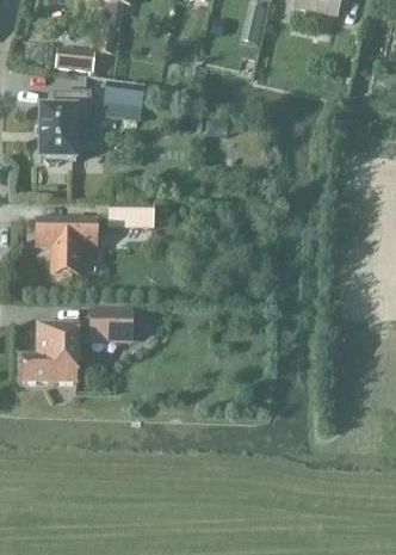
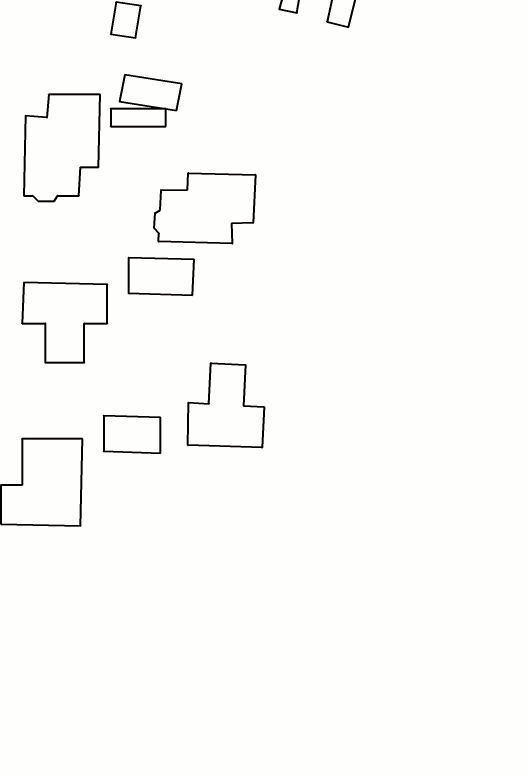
building: [56,48,93,73] -> none
building: none -> [154,173,255,244]
building: none -> [188,363,264,448]

